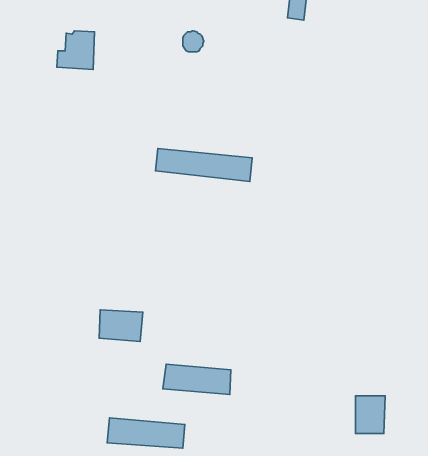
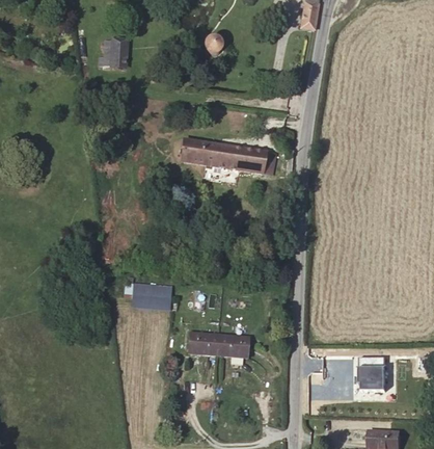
building: [107,418,185,448] -> none

